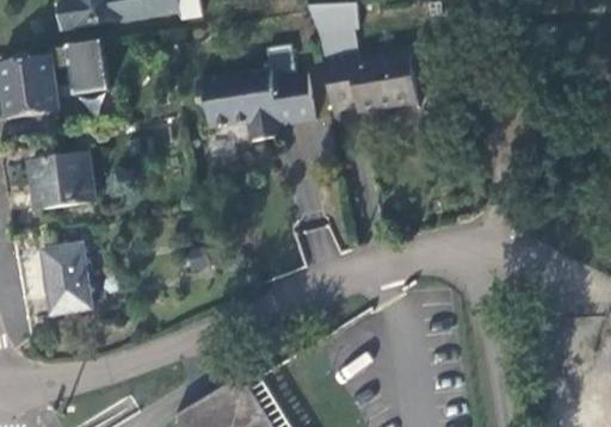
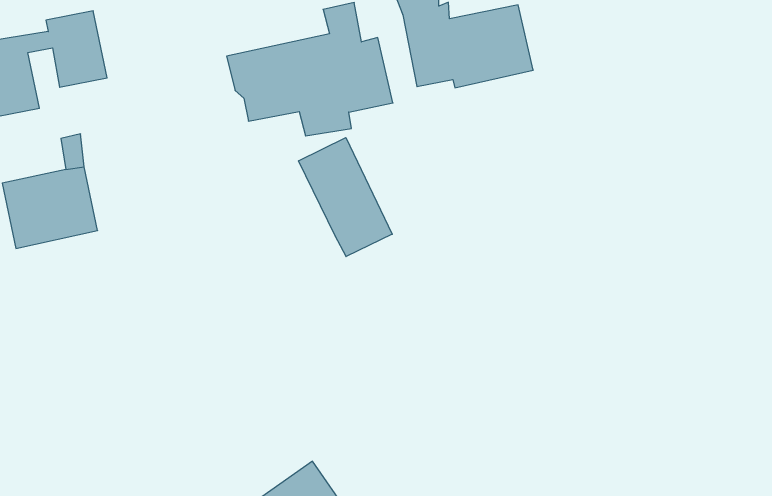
building: none -> [299,138,392,257]
building: [41,245,91,315] -> none

